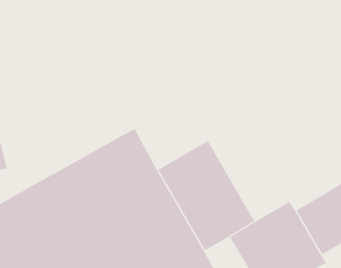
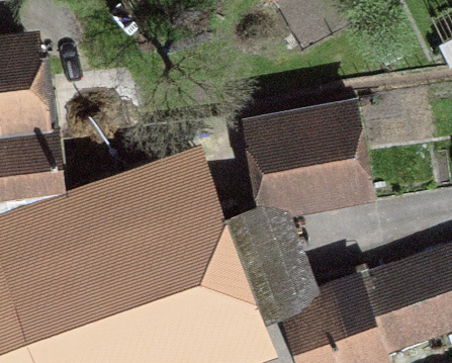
building: none -> [245,106,367,196]

